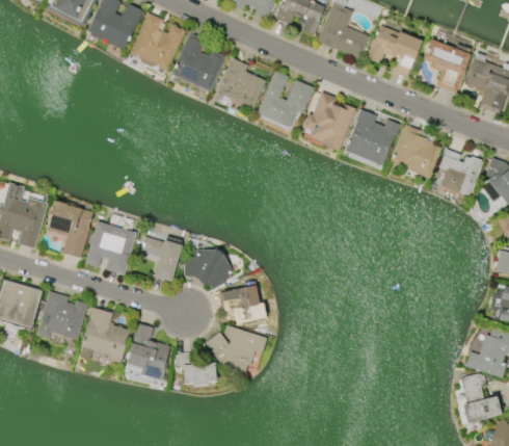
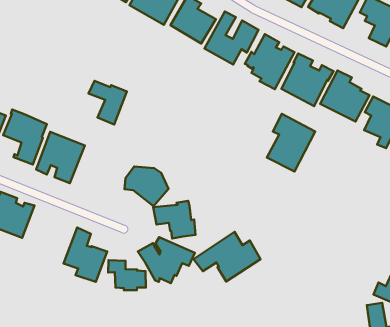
building: none -> [267,114,315,171]
building: [140,236,182,282] -> [88,81,127,125]
building: [79,307,130,363] -> none
building: none -> [194,232,261,282]

